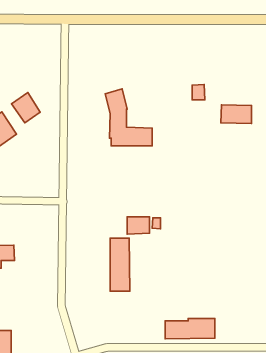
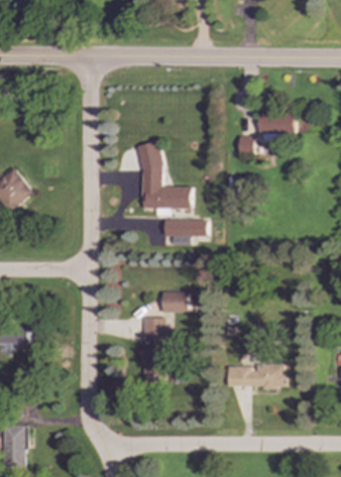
building: [12,93,40,123] -> none
building: [221,105,251,124] -> [258,111,295,133]
building: none -> [164,220,208,244]
building: [165,318,215,339] -> [227,363,286,387]

